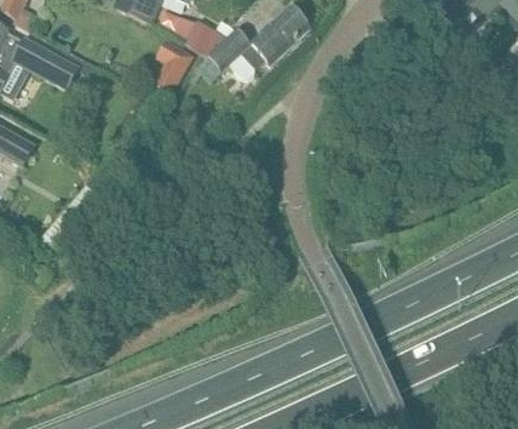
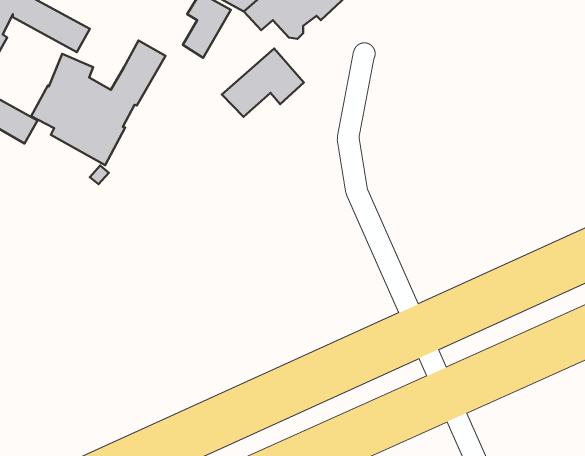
building: none -> [31,41,166,165]
building: none -> [222,48,304,117]

